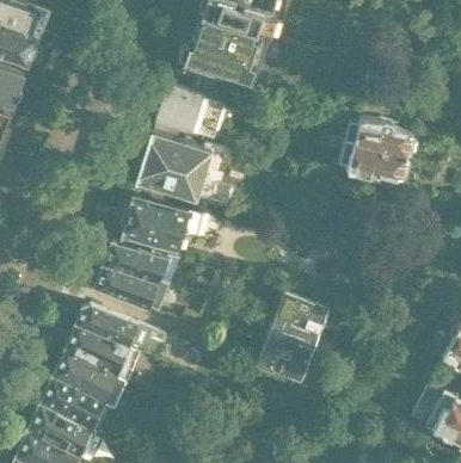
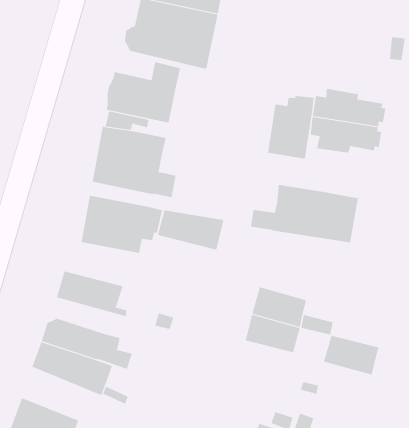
building: none -> [267,95,314,159]
building: none -> [250,184,359,243]
building: [103,242,166,284] -> [157,210,224,250]
building: [254,345,308,385] -> [323,335,380,375]
building: [53,351,125,405] -> none

